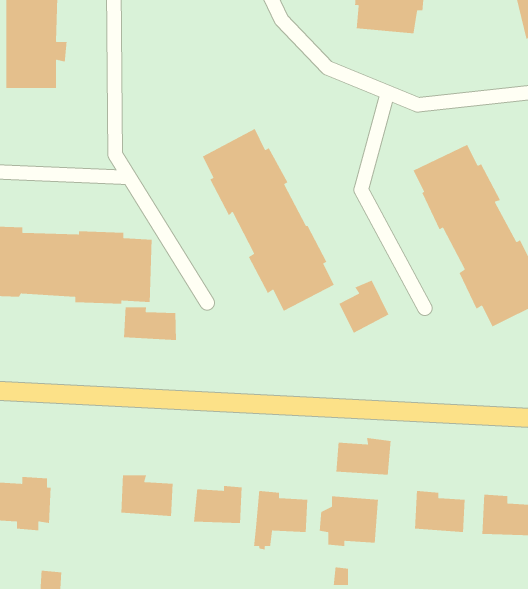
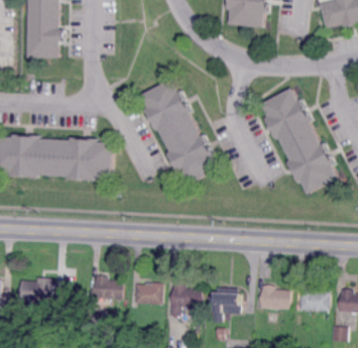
building: [338,280,390,334] -> none
building: [123,306,177,341] -> none
building: [335,437,392,476] -> none

